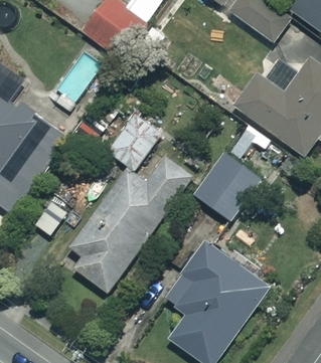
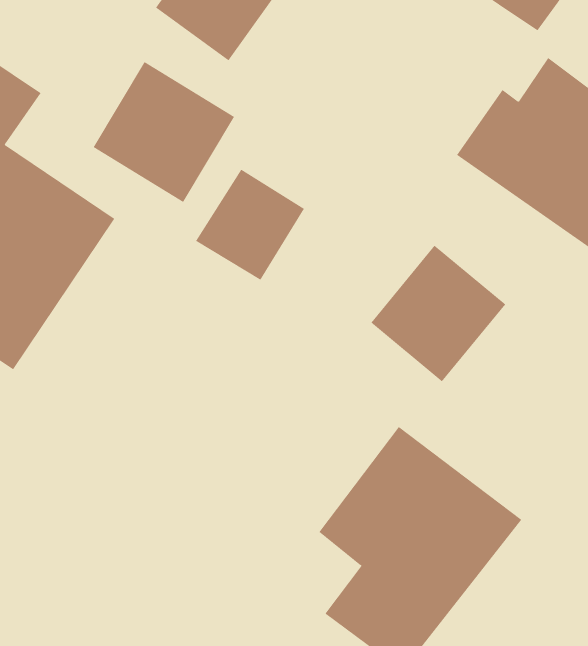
building: none -> [93,61,235,203]
building: [70,153,191,293] -> none

